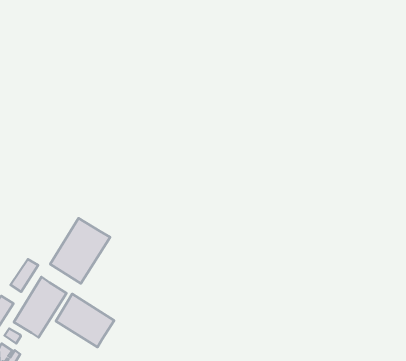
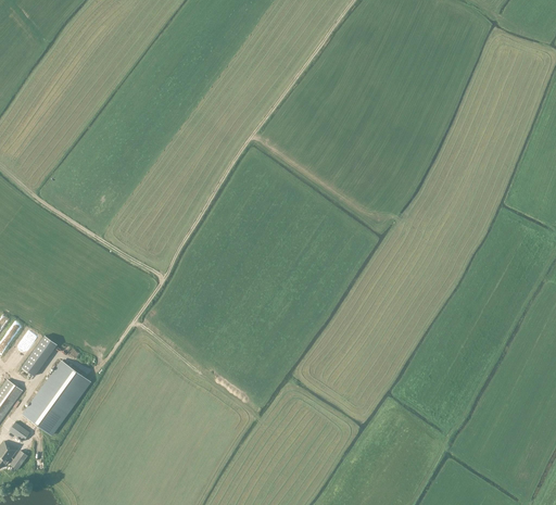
building: [50,218,110,284] -> none
building: [56,294,114,347] -> none

